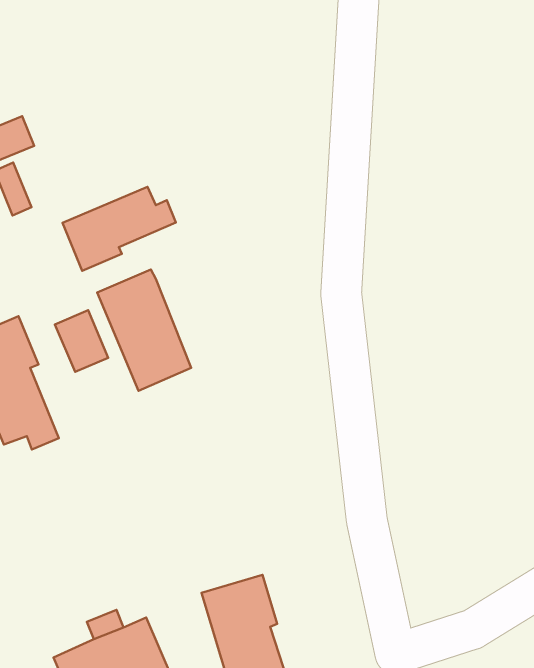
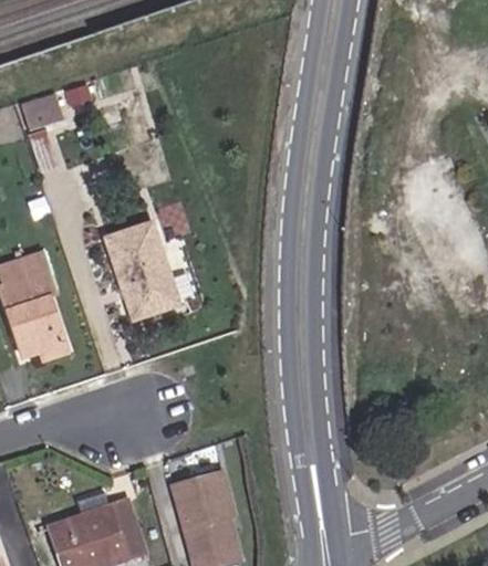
building: [62,187,176,271] -> none
building: [55,310,108,372] -> none

